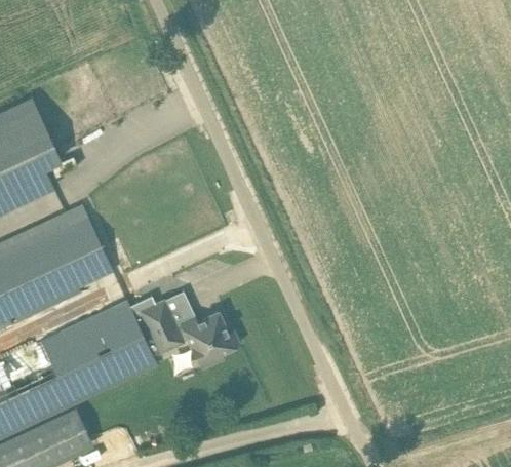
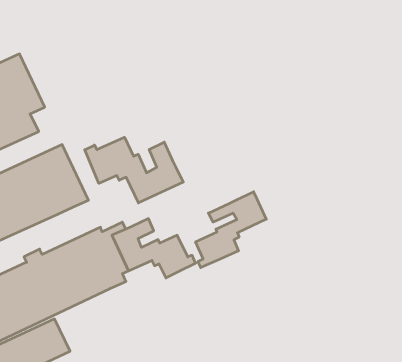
building: none -> [85,137,183,203]
building: none -> [196,192,266,268]

